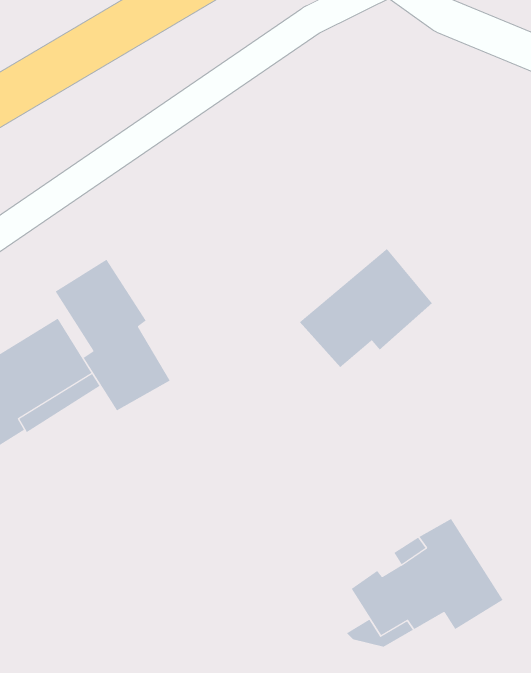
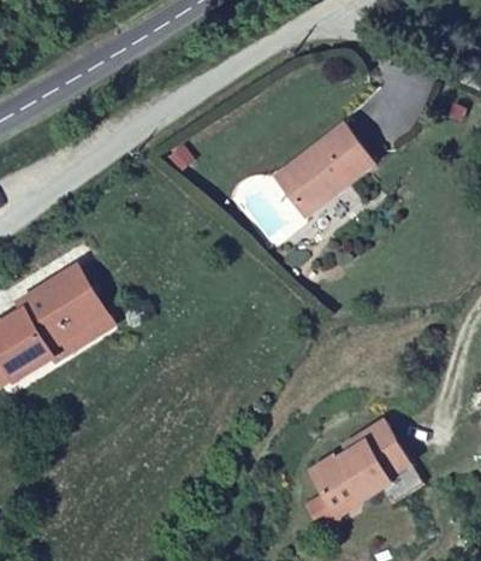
building: [299,248,433,368] -> [272,120,374,212]
building: [55,259,171,411] -> none

